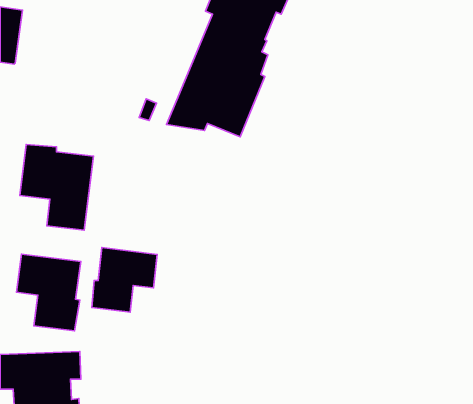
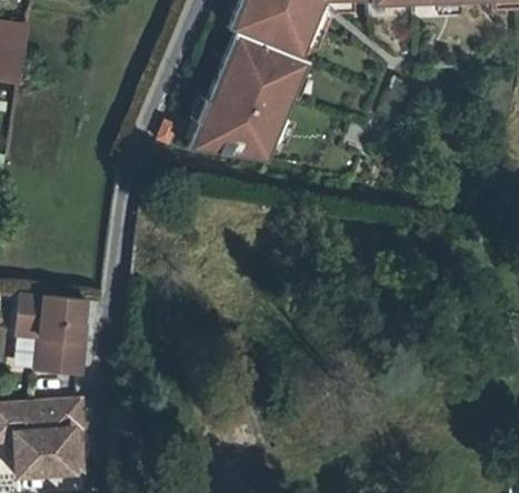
building: [20,145,94,230] -> none
building: [92,248,157,312] -> none

